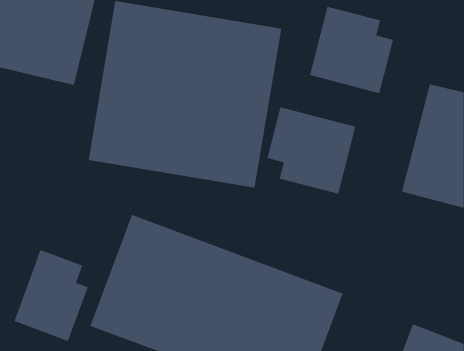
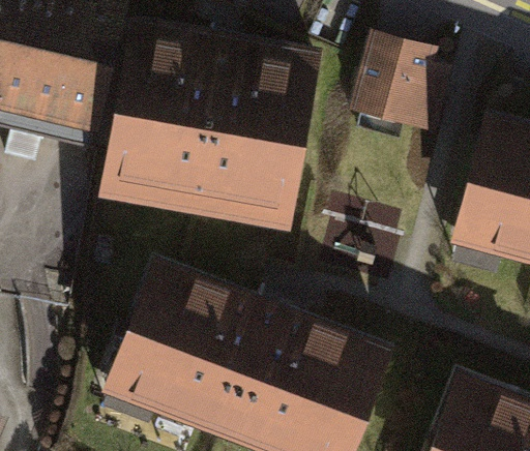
building: [267,106,356,194] -> none
building: [14,249,89,342] -> none

